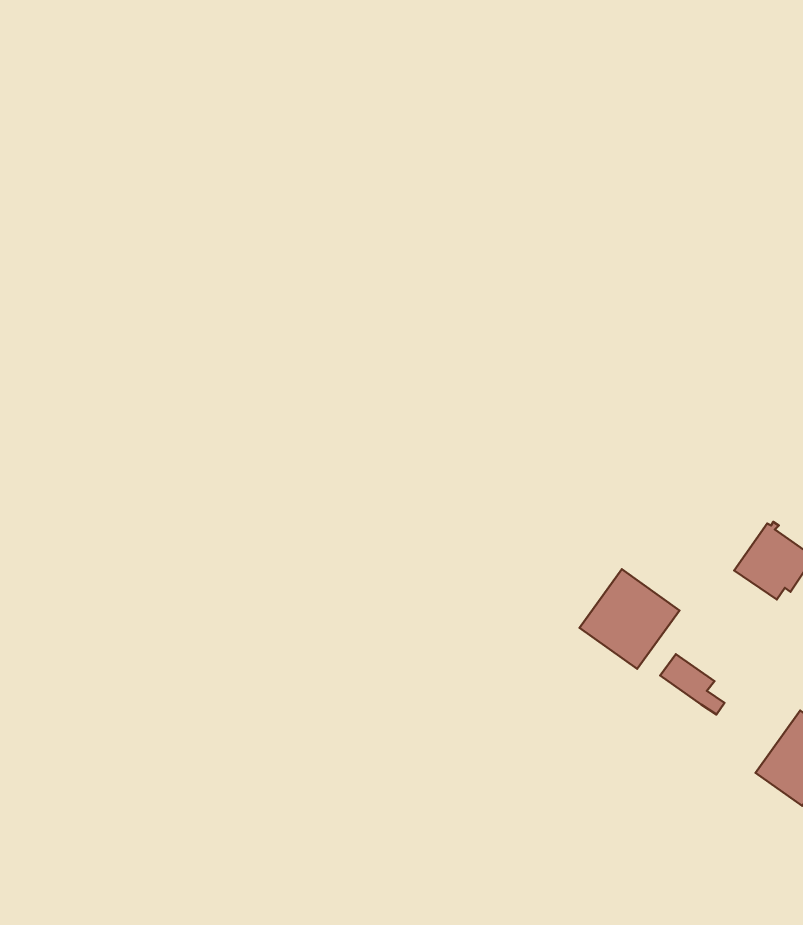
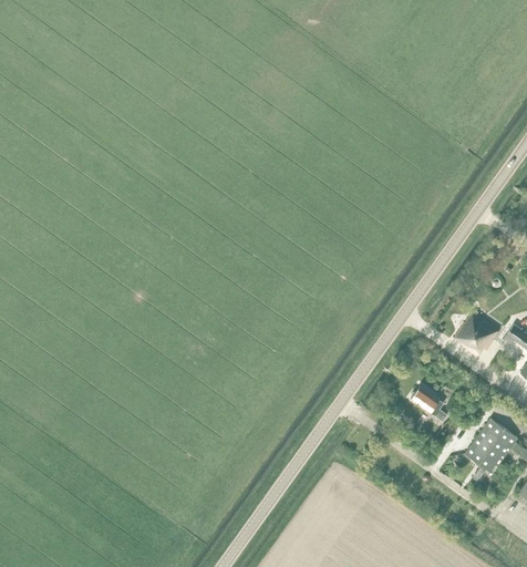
building: [580,569,679,669] -> none

